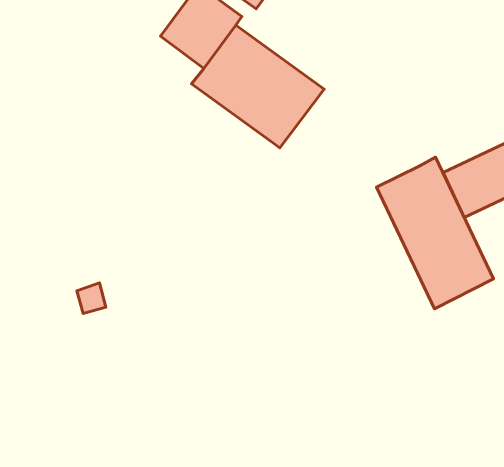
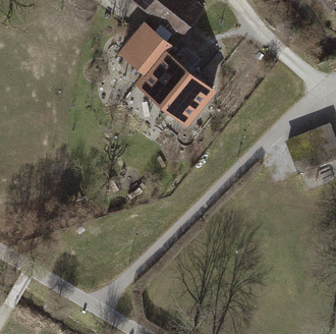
building: [376,157,494,309] -> none

